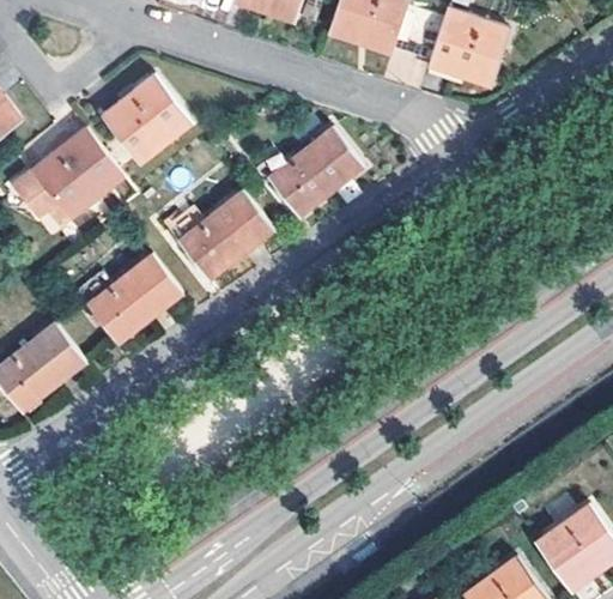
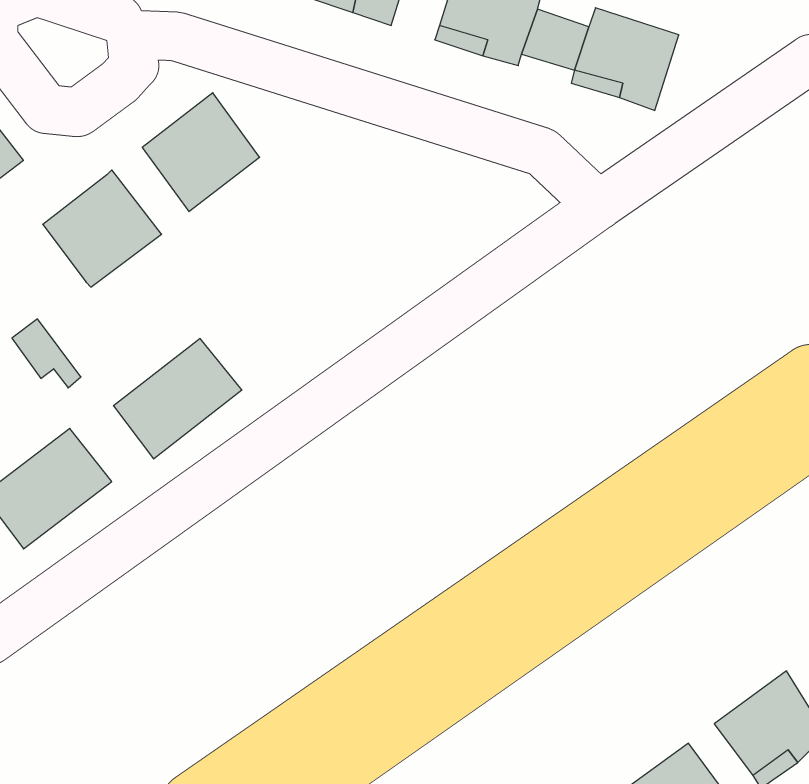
building: [268,129,362,218] -> none
building: [14,170,66,222] -> [12,319,81,388]
building: [176,190,272,279] -> none

